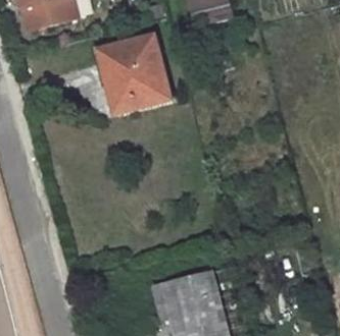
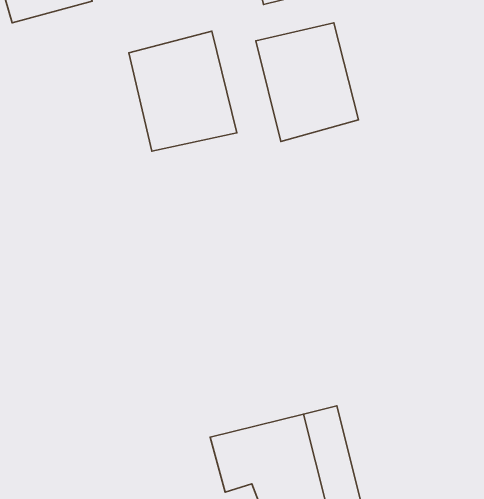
building: none -> [256,23,358,142]

